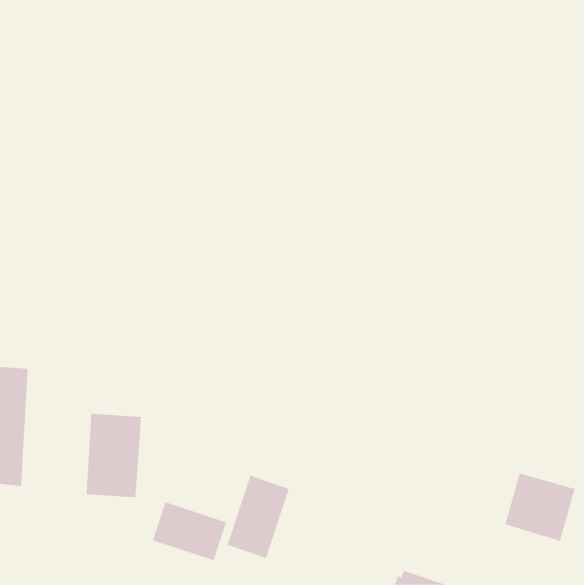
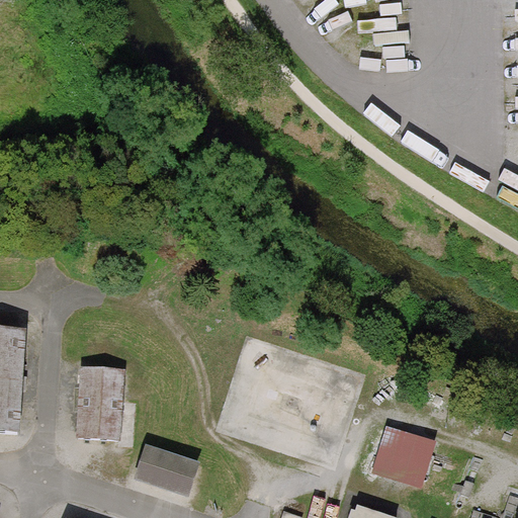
building: [504,473,575,542] -> [372,426,435,487]
building: [227,475,290,559] -> none

